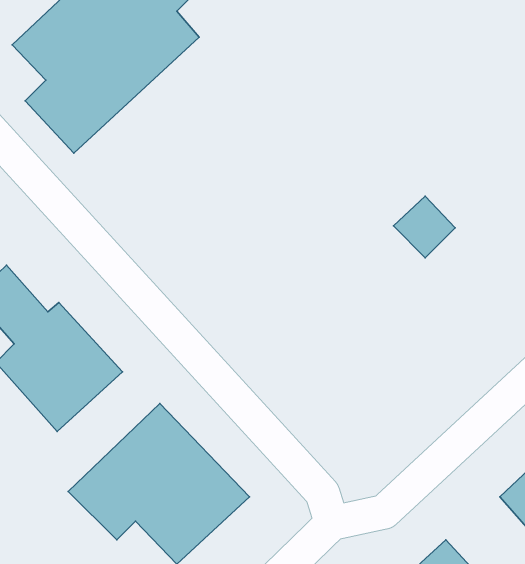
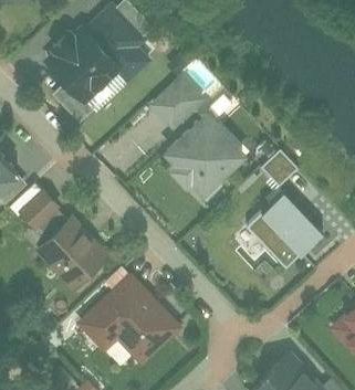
building: none -> [154,73,247,202]
building: none -> [231,192,322,274]

